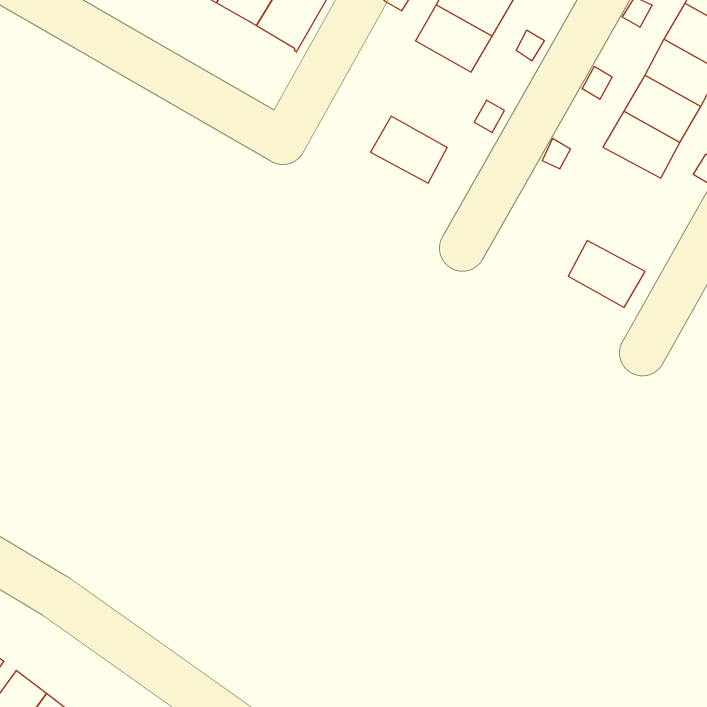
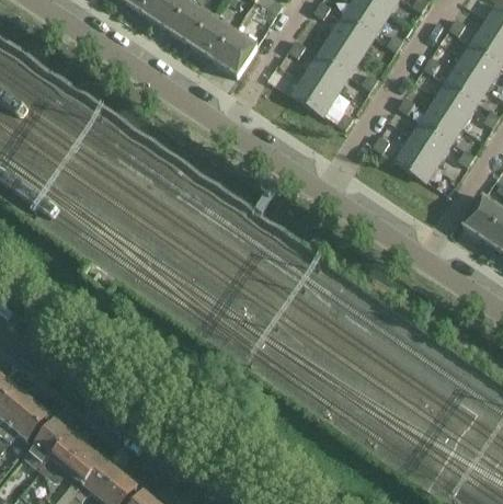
building: [370,116,447,183] -> [291,73,335,113]
building: [568,240,645,308] -> [396,140,439,180]

